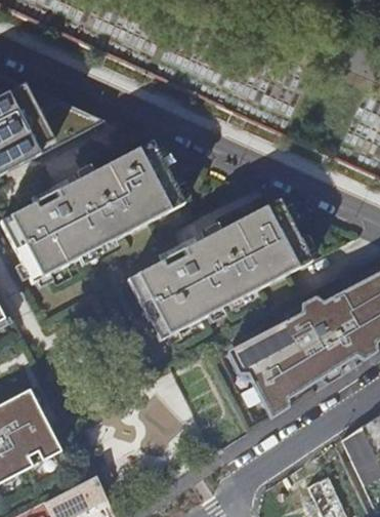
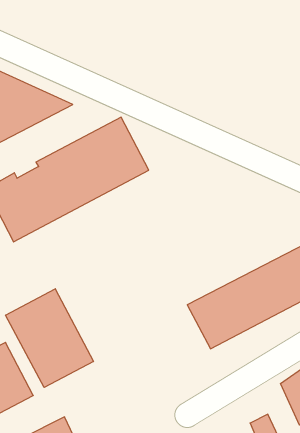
building: [135,192,323,335] -> none
building: none -> [6,289,93,387]

